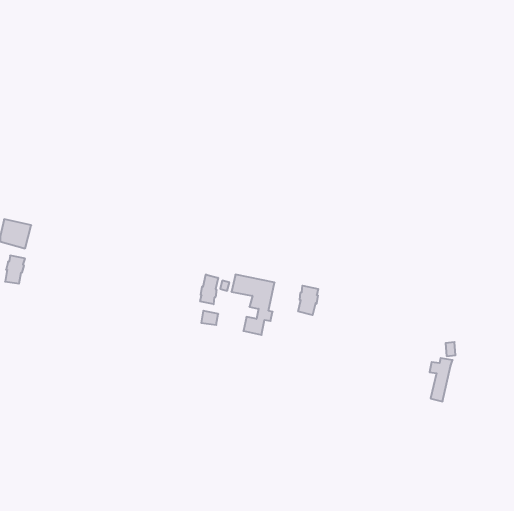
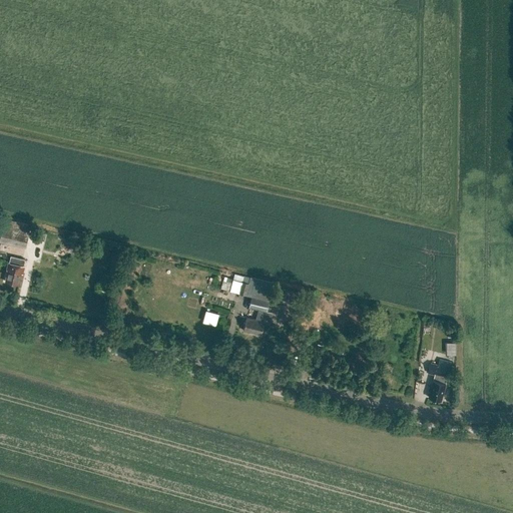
building: [200,274,218,304] -> none
building: [298,286,318,315] -> none

